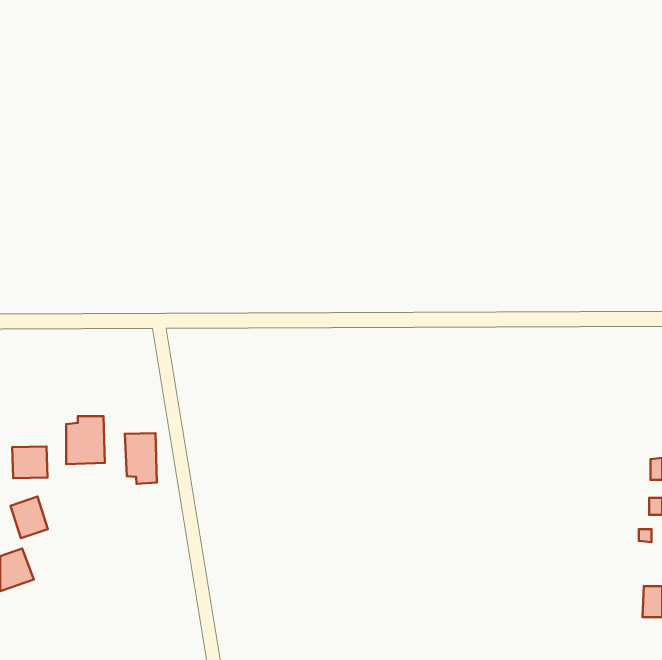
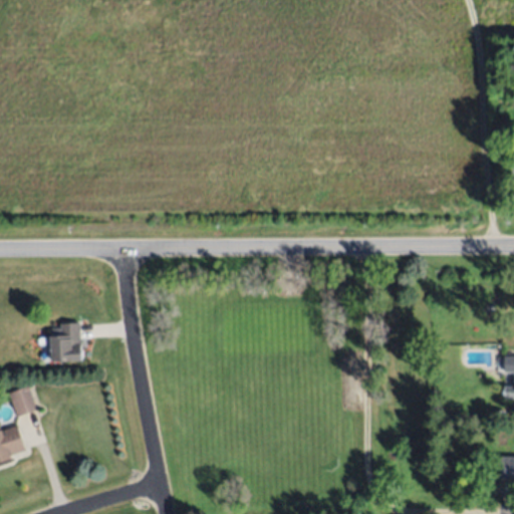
building: [125,433,157,484] -> none
building: [12,446,48,478] -> none

